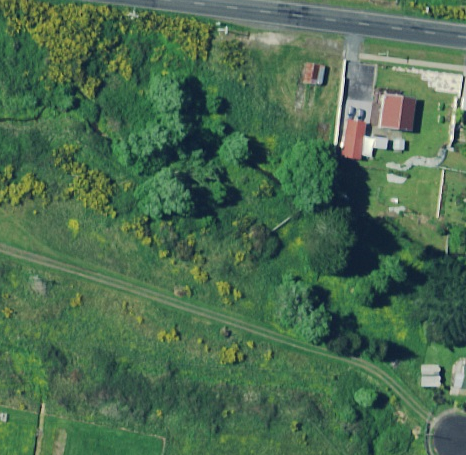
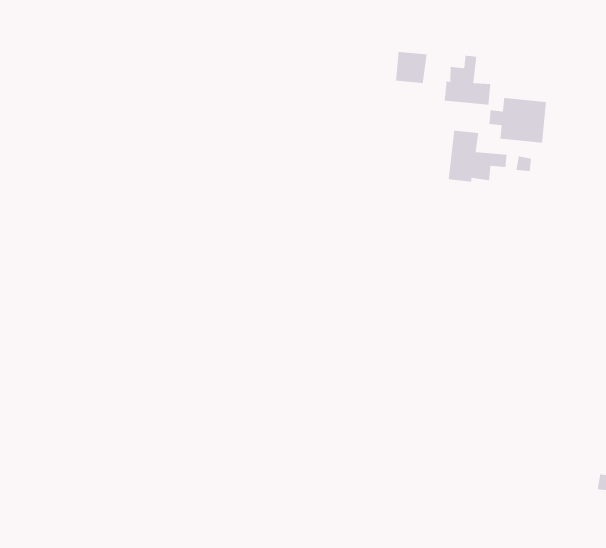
building: none -> [444,55,491,105]
building: [421,365,440,386] -> none

